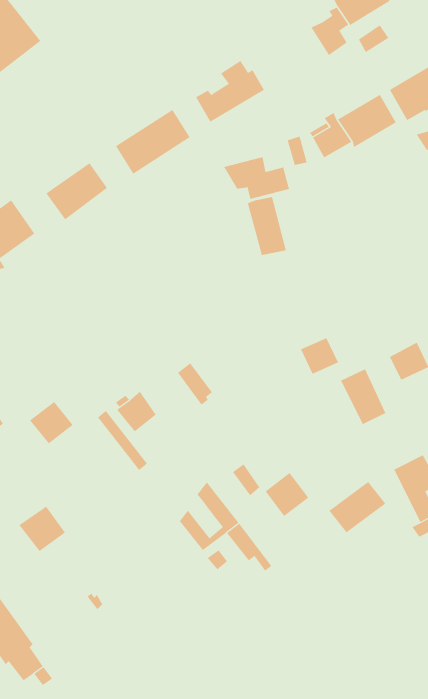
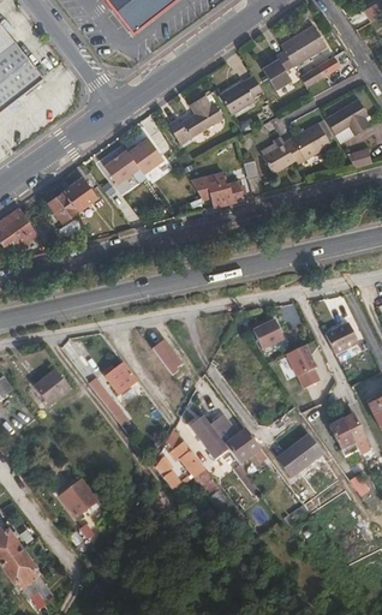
building: none -> [220,74,263,114]
building: [247,195,287,256] -> none
building: [18,506,66,552] -> [59,480,97,518]

